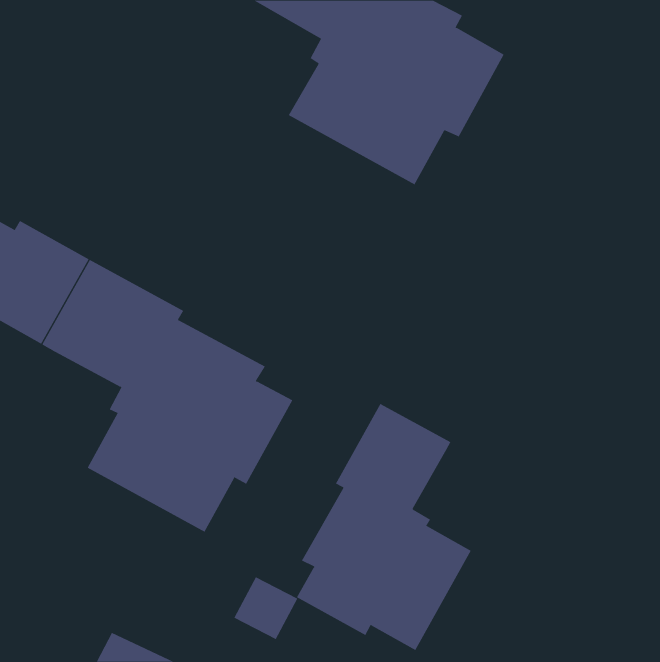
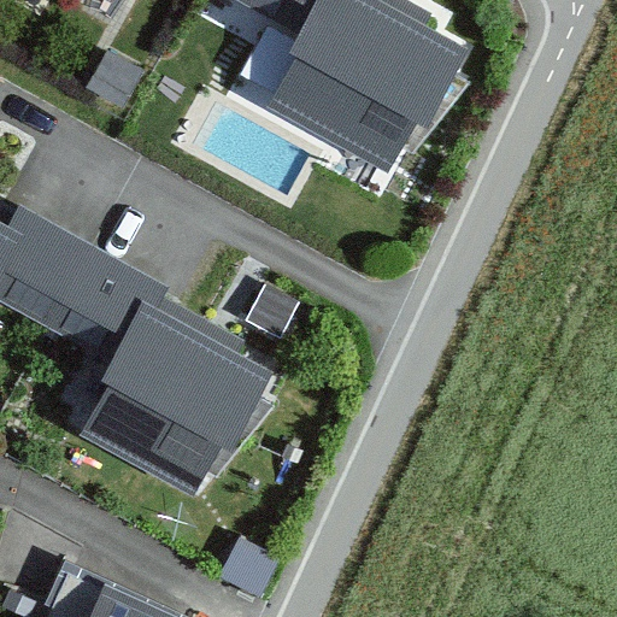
building: [296,403,472,651] -> none

